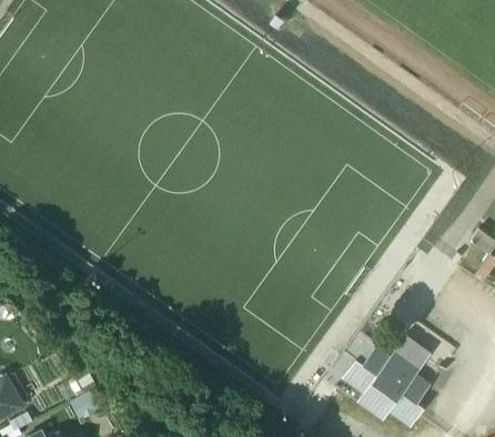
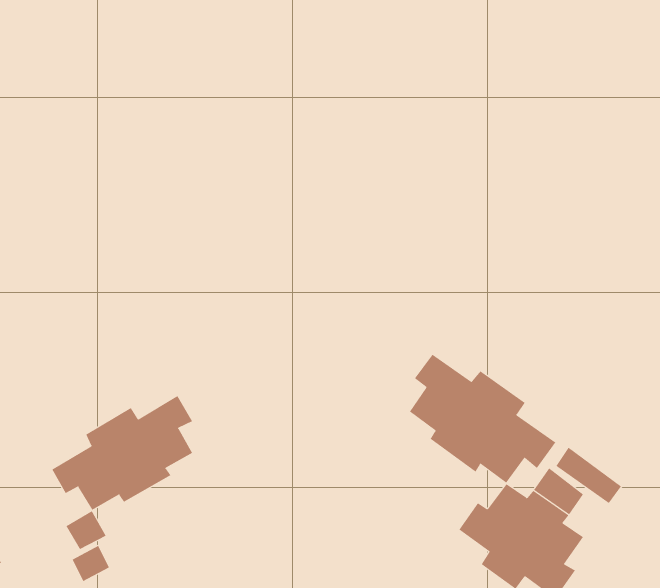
building: none -> [409,354,556,483]
building: none -> [52,395,193,510]

